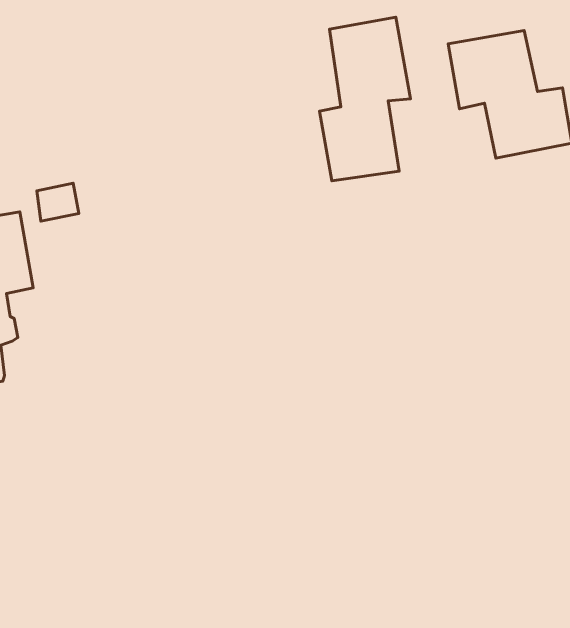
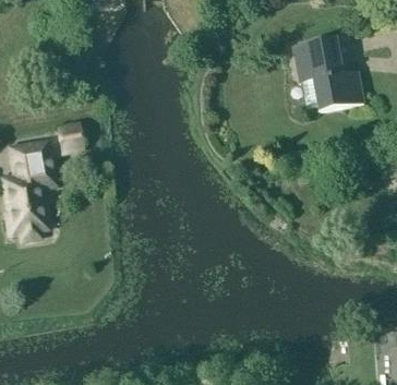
building: [320,17,410,181] -> none

